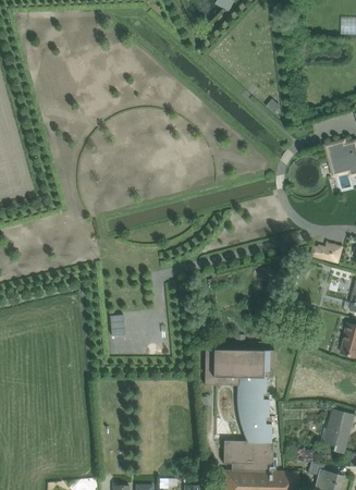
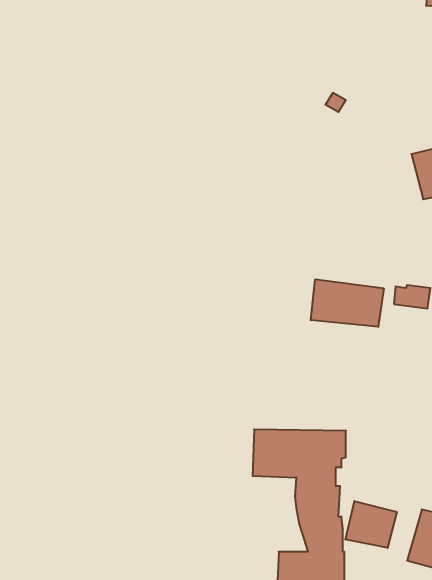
building: none -> [311,279,384,327]
building: none -> [345,501,397,548]

